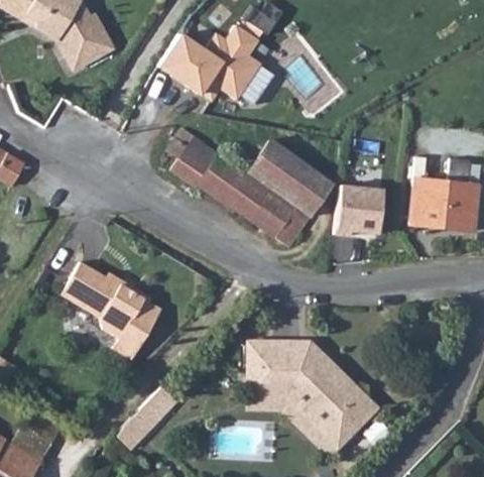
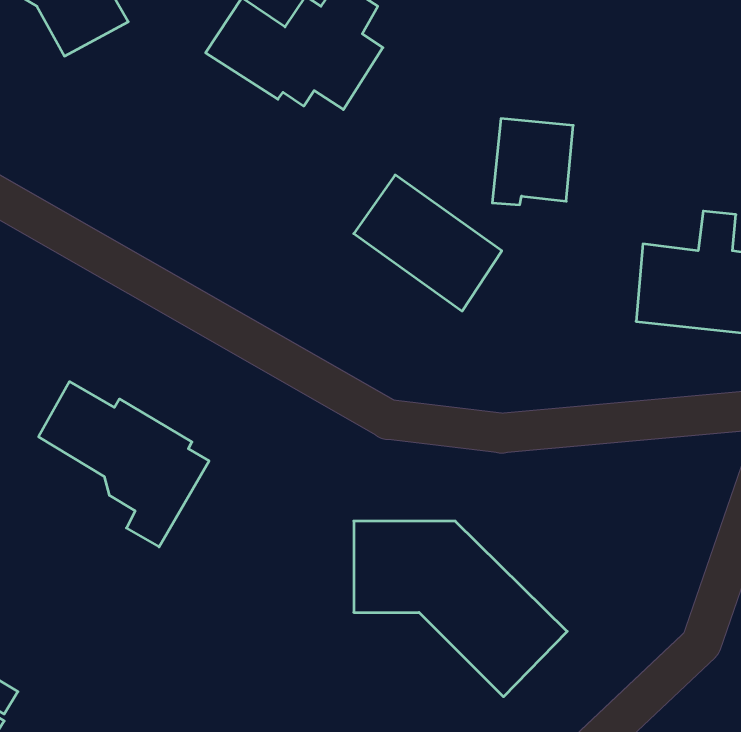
building: [167,129,311,248] -> none
building: [336,187,383,237] -> [492,119,573,205]
building: [118,388,174,447] -> none
building: [247,395,335,453] -> none

